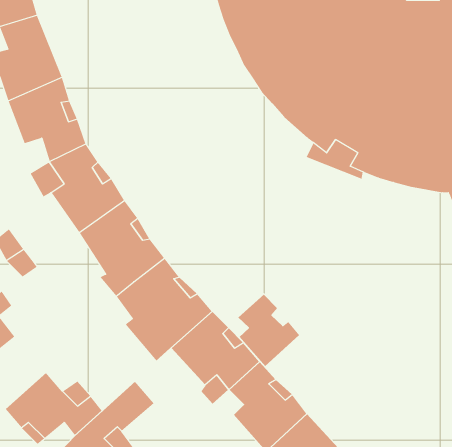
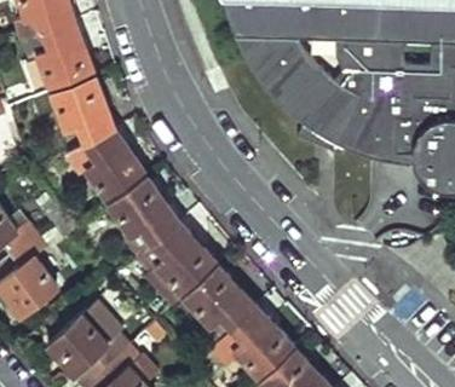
building: [238,294,300,367] -> none

